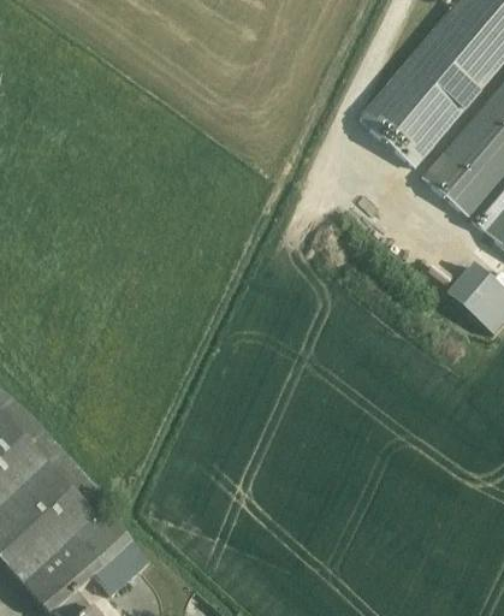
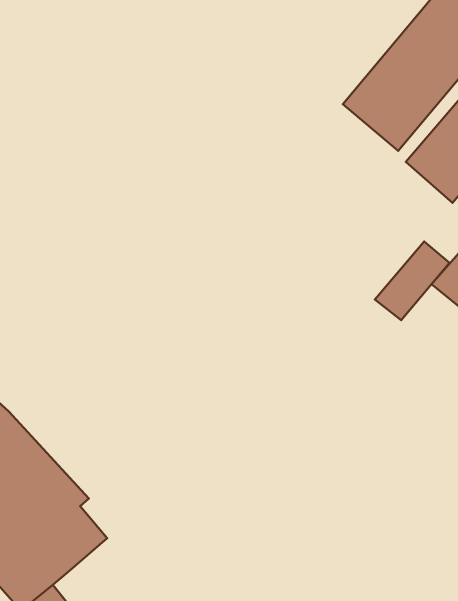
building: none -> [375,242,449,320]
building: [95,541,149,593] -> none

